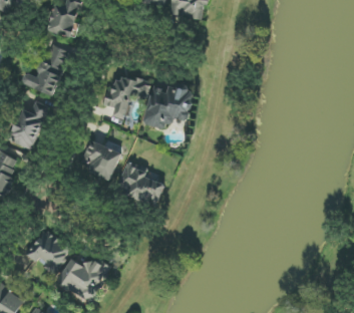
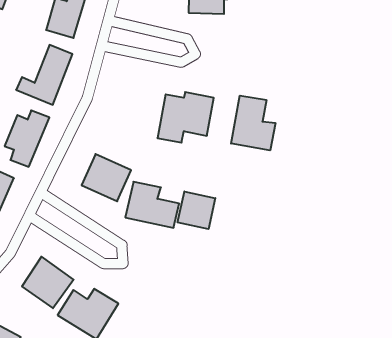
building: [105,73,148,118] -> none
building: none -> [231,96,275,150]
building: none -> [178,191,215,229]

